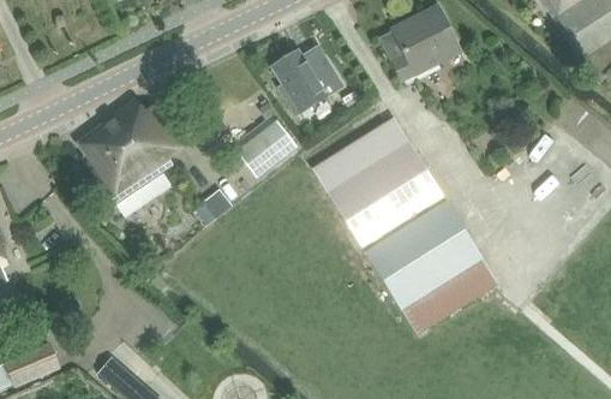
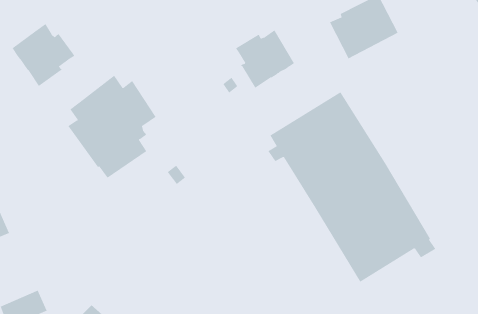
building: none -> [12,23,75,87]
building: [238,119,298,177] -> none

